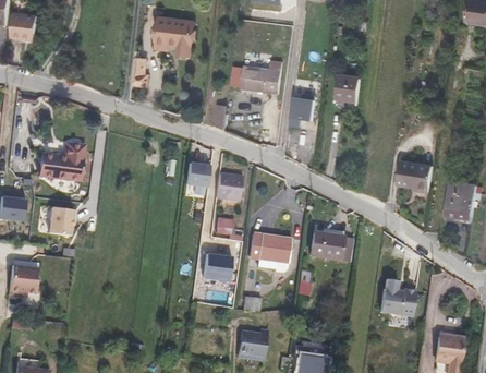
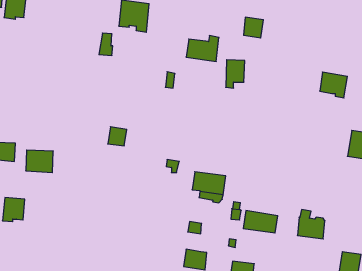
building: [336,74,361,100] -> [244,17,263,38]
building: [38,142,84,181] -> none
building: [397,159,432,192] -> [320,72,347,98]
building: [185,163,209,186] -> [108,127,127,146]
building: [216,172,241,200] -> none
building: [309,231,353,260] -> [243,211,278,233]
building: [204,252,231,279] -> none

